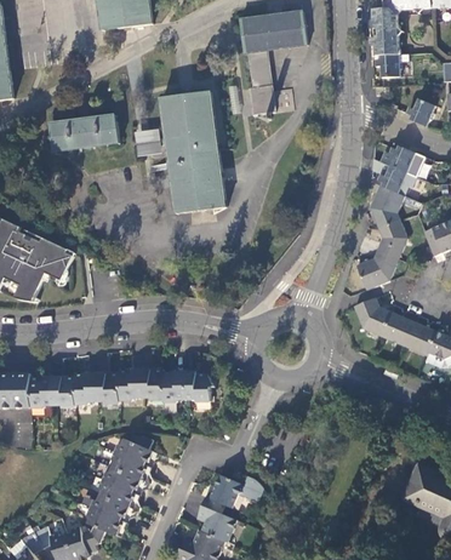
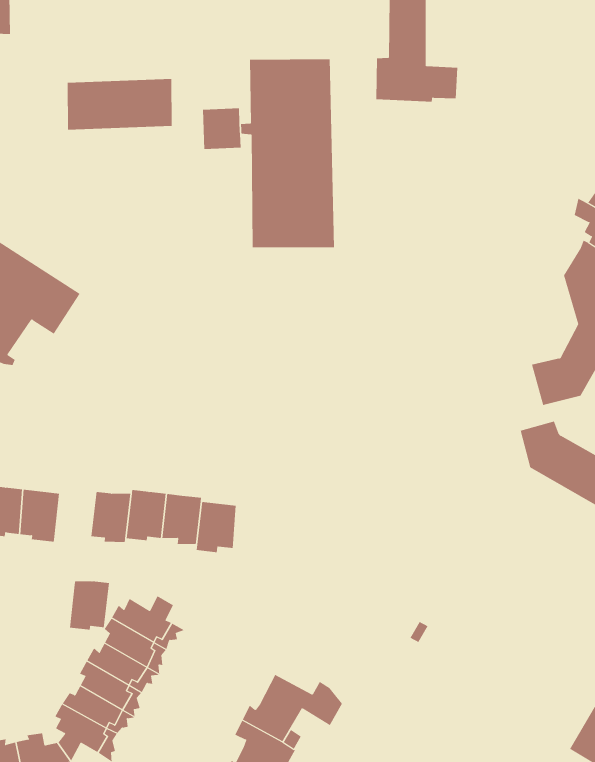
building: [184,372,209,402] -> none
building: [75,373,97,404] -> [69,581,110,630]

